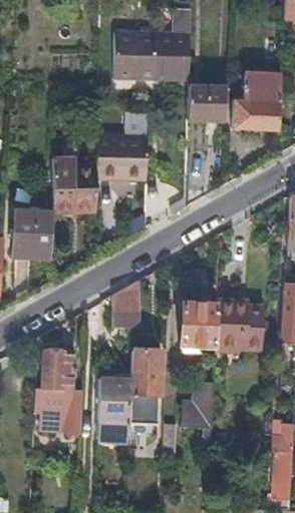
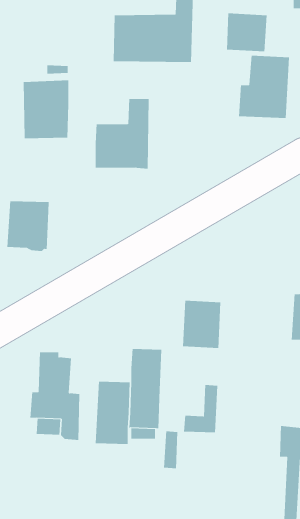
building: [189,85,228,122] -> [226,13,267,52]
building: [52,155,96,211] -> [23,80,69,139]
building: [111,283,137,331] -> none
building: [215,302,265,352] -> none

